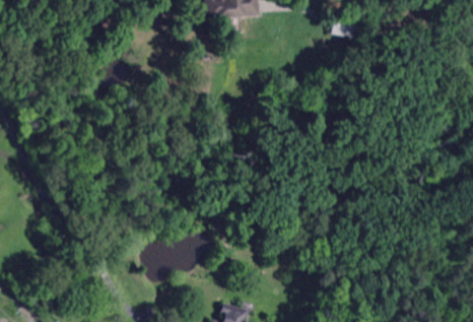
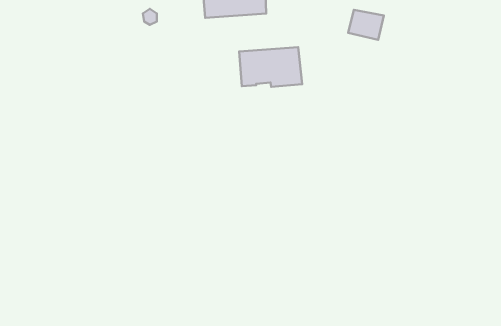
building: none -> [239,47,302,87]

